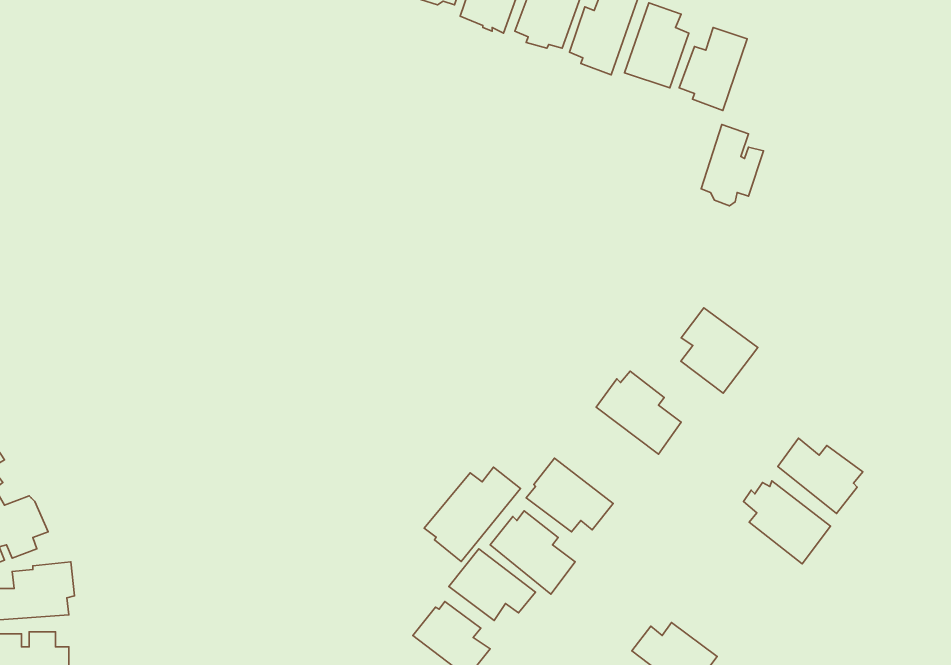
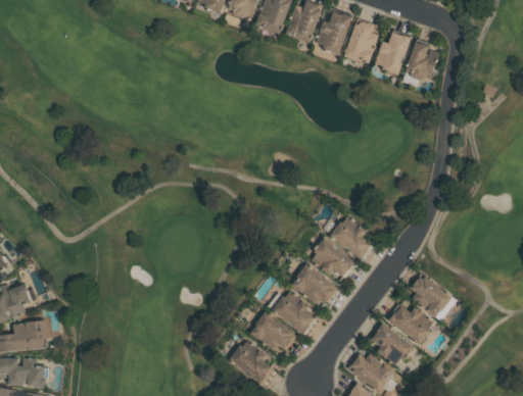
building: [701,125,764,206] -> [405,37,438,81]
building: [681,308,758,393] -> none
building: none -> [311,237,354,277]
building: [778,438,863,514] -> [387,303,433,344]
building: [424,467,520,561] -> none
building: none -> [366,324,414,364]

